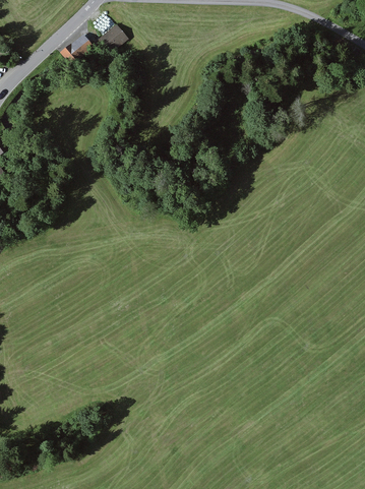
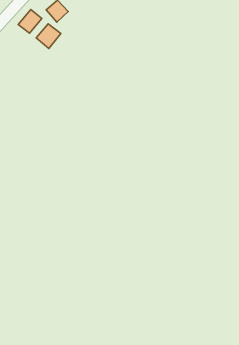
building: none -> [36,24,61,48]

